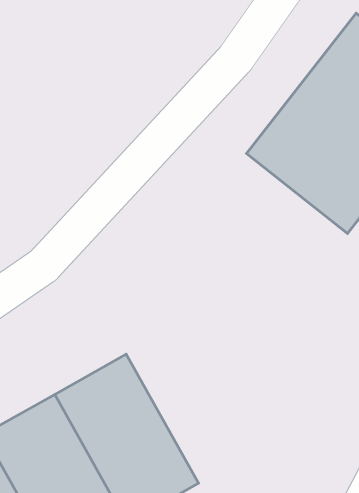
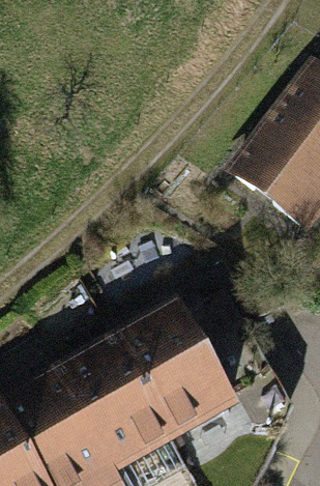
building: none -> [120,303,241,446]

